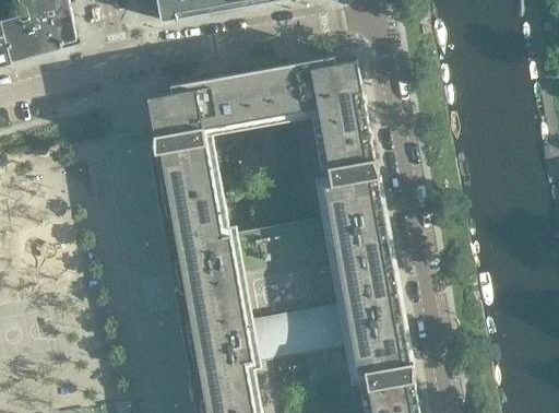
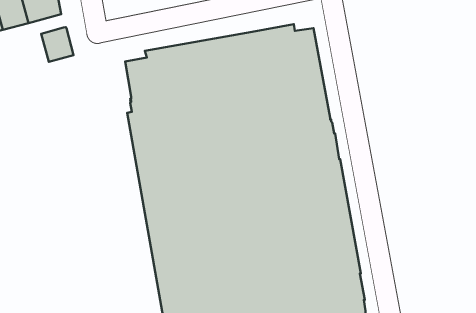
building: none -> [41,27,73,62]

